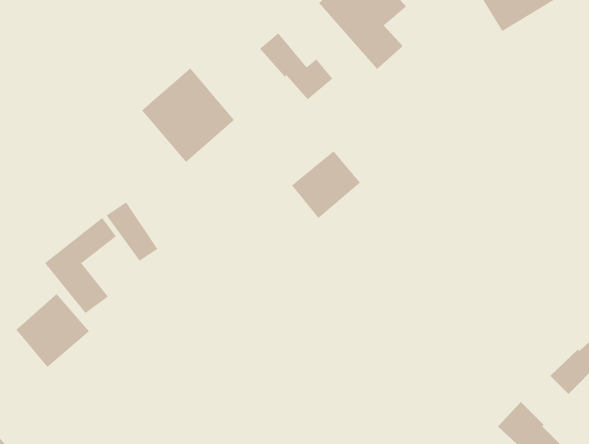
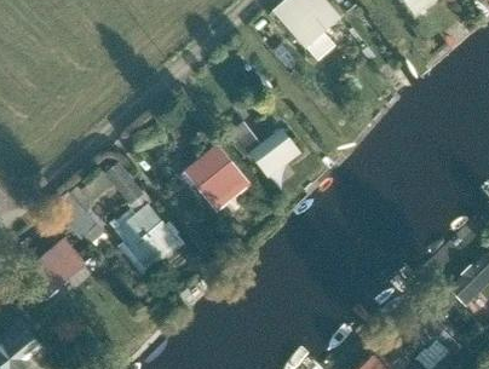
building: [259,33,333,100] -> none
building: [141,68,235,163] -> [183,139,254,212]
building: none -> [115,200,183,266]

